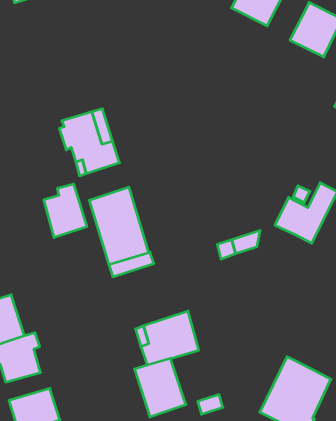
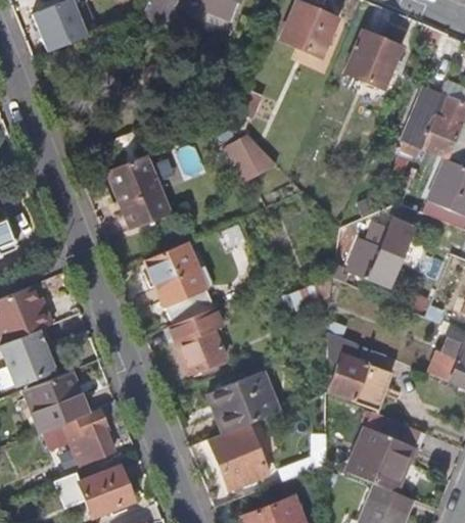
building: none -> [227,129,277,182]
building: [44,184,87,238] -> none
building: none -> [178,323,225,375]
building: none -> [326,331,393,415]

